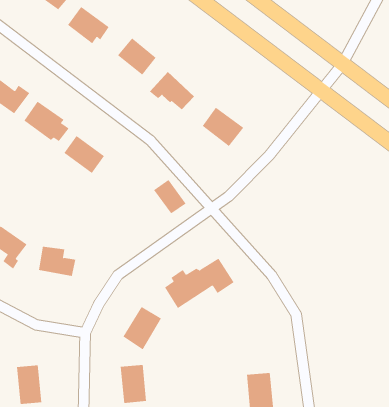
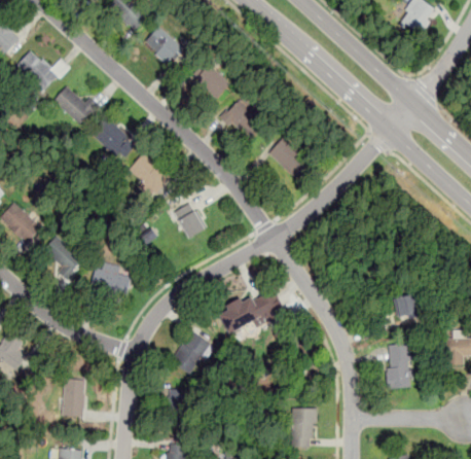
building: [153,179,186,214] -> [173,204,205,239]
building: none -> [394,295,419,321]
building: none -> [385,345,412,389]

